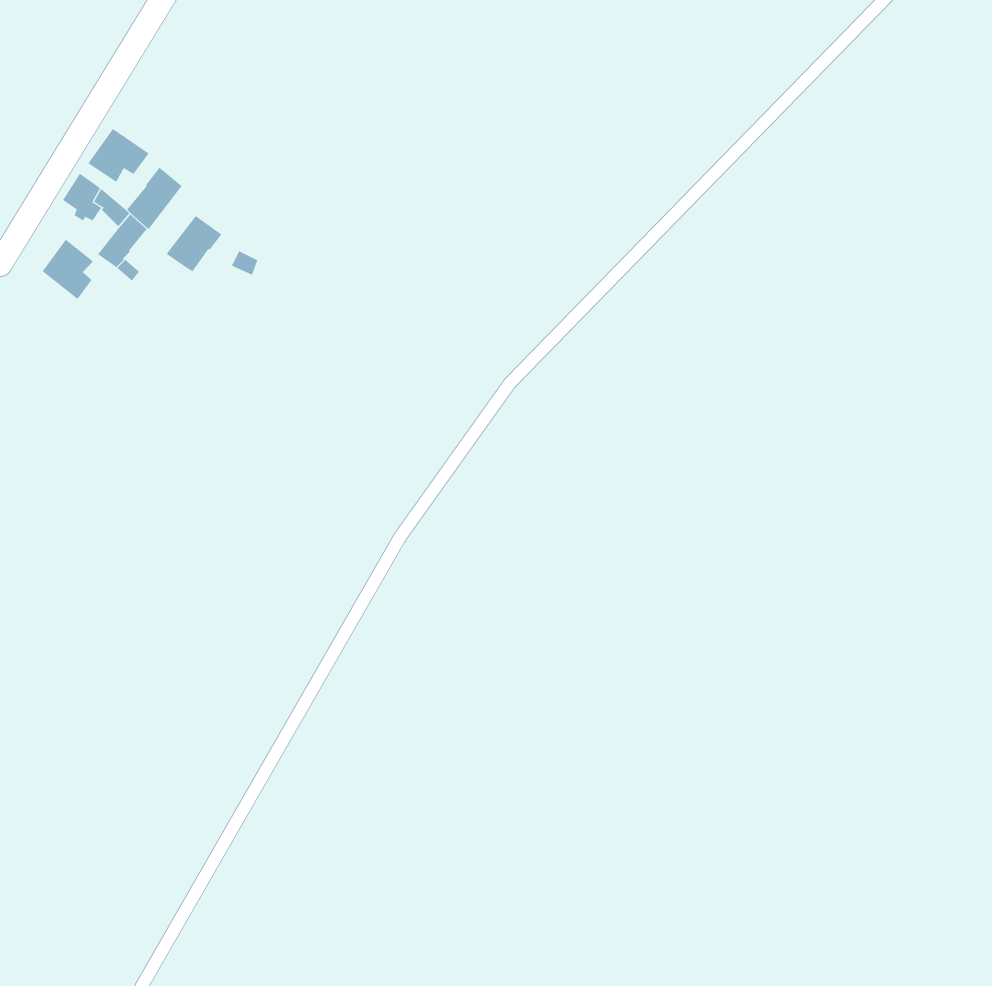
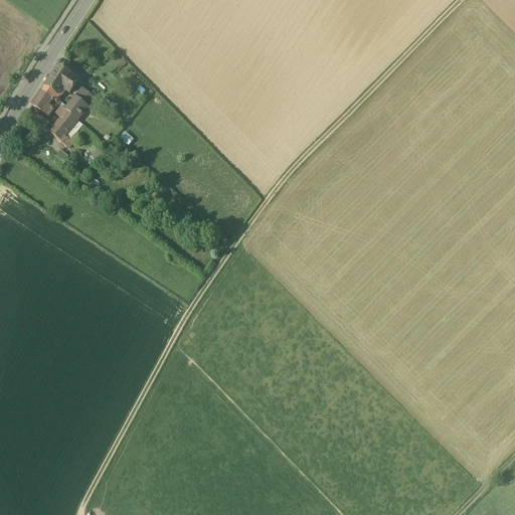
building: [166,215,222,272] -> none
building: [42,239,94,300] -> none

